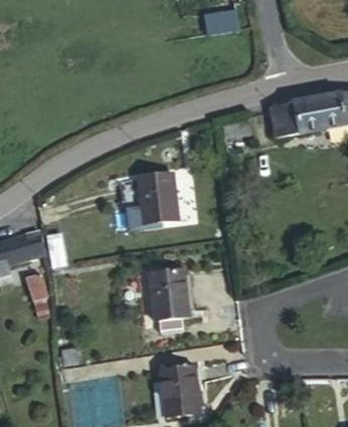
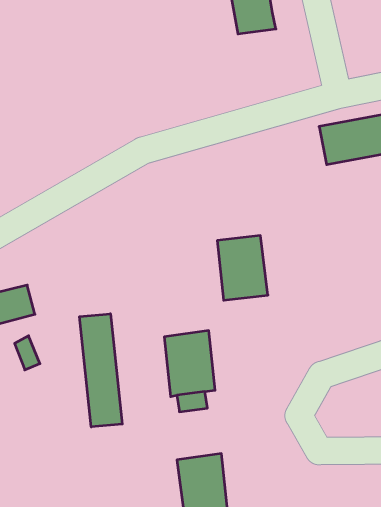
building: [138,173,178,224] -> [217,236,268,300]
building: none -> [80,314,122,427]

